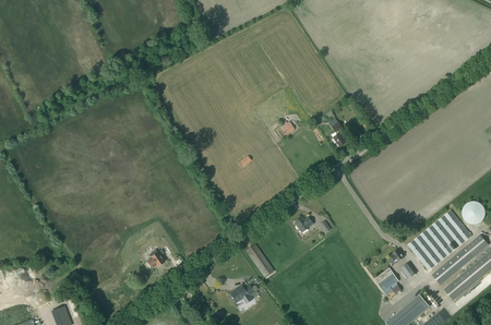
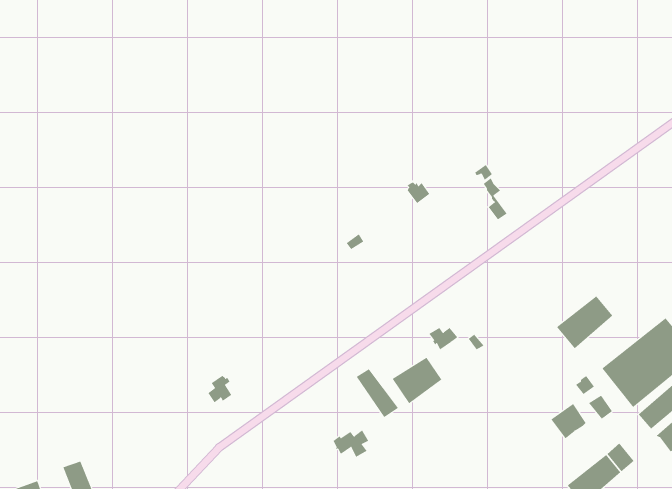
building: none -> [556,296,613,349]
building: none -> [392,357,442,404]

